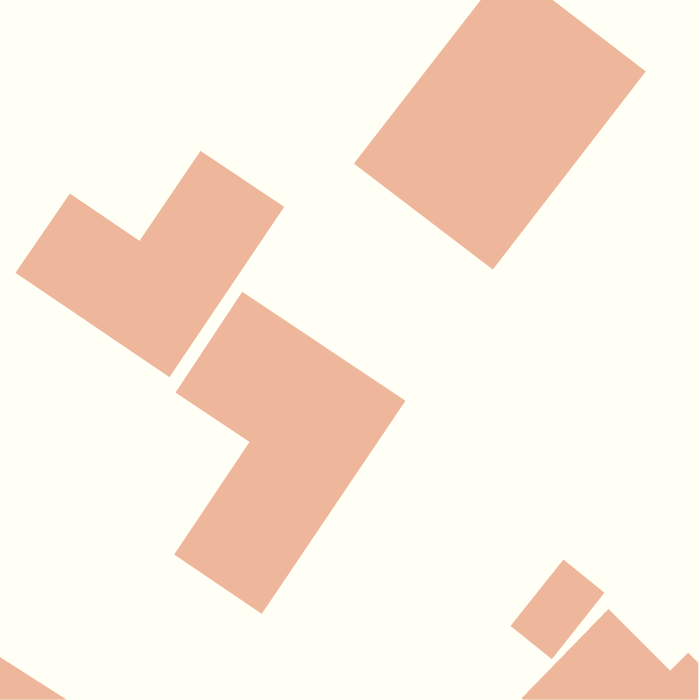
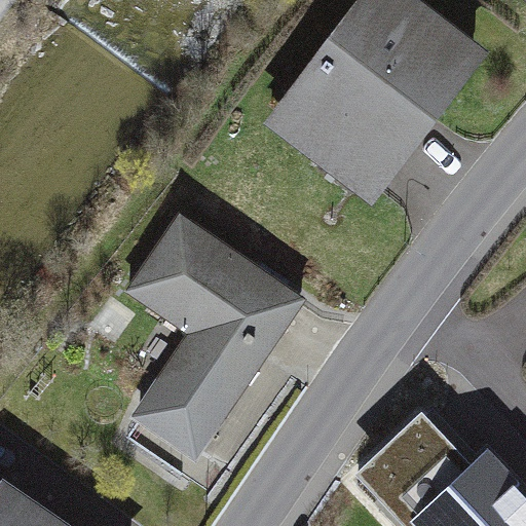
building: [15,150,285,378] -> none

